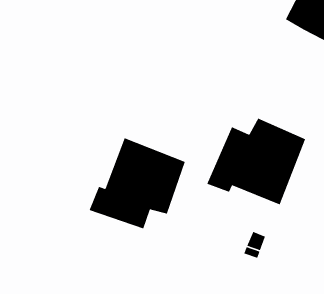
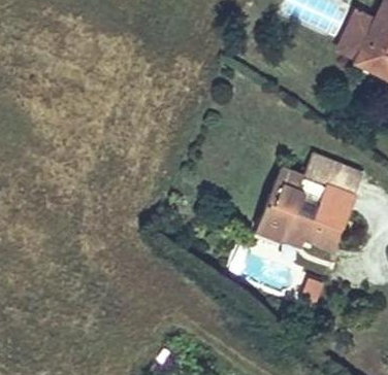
building: [89,137,186,229] -> none

